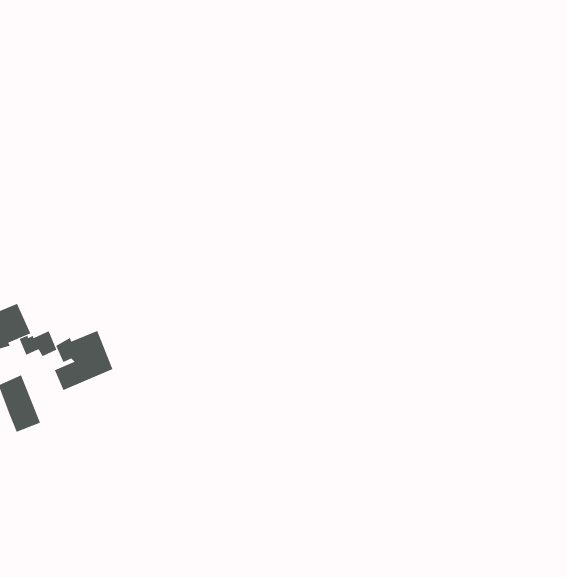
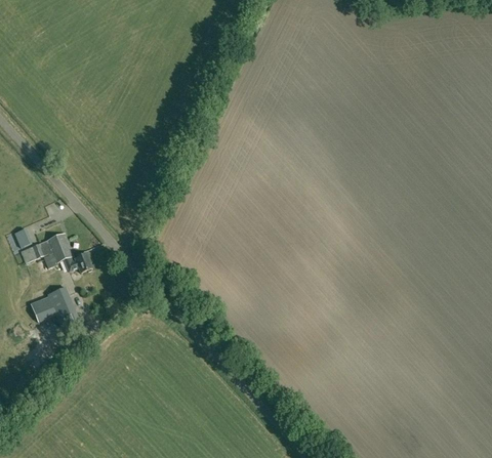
building: [54,330,113,391] -> none

